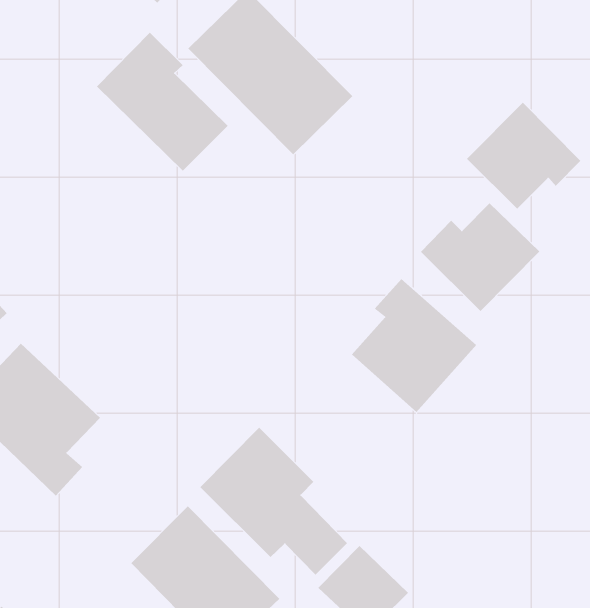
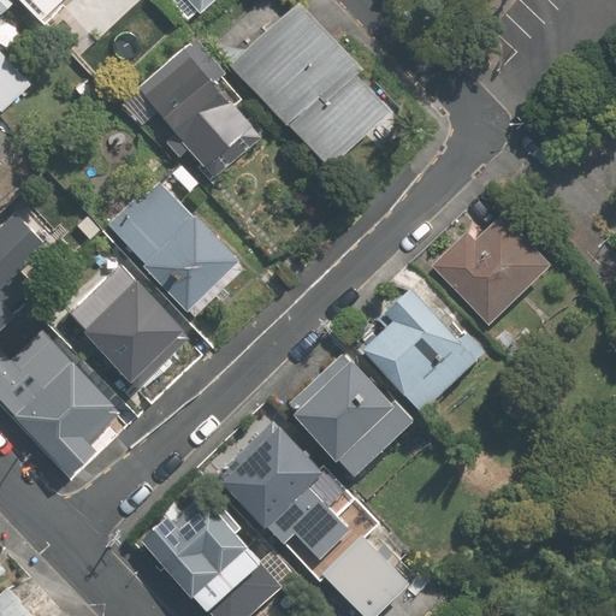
building: [466,102,581,210] -> none
building: none -> [105,176,243,316]
building: none -> [61,263,186,391]
building: none -> [285,359,414,482]

